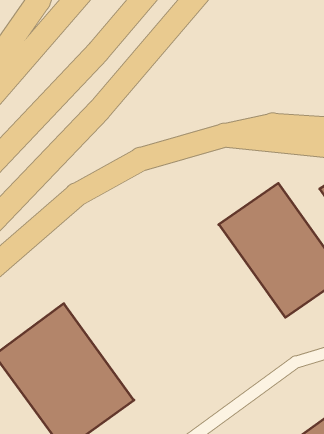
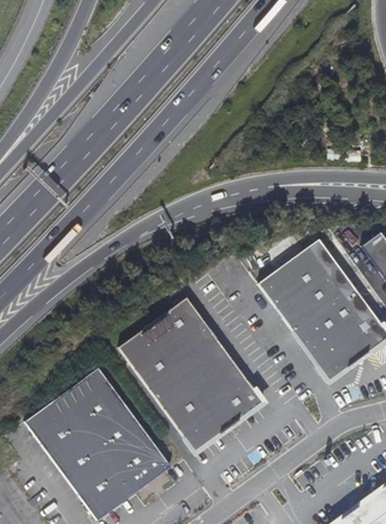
building: none -> [119,297,262,449]

